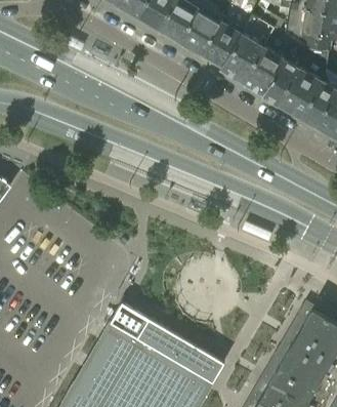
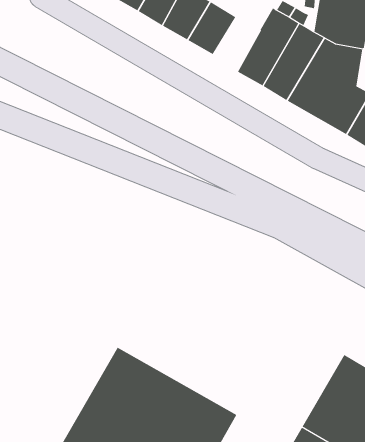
building: [200,24,240,68] -> none

